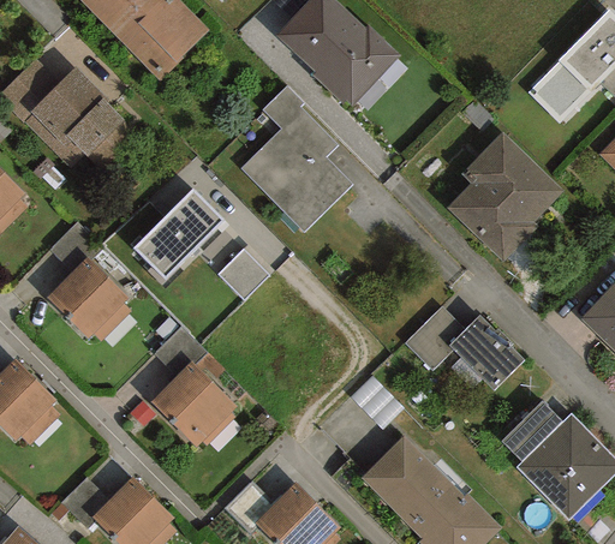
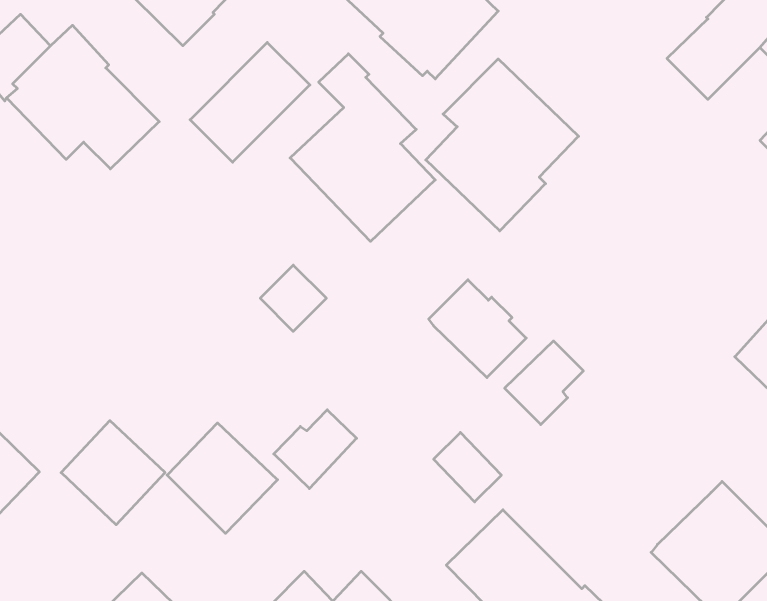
building: [447,130,563,261] -> [426,59,579,231]
building: [133,187,225,279] -> [190,42,310,162]
building: [43,263,123,342] -> [61,421,165,525]
building: [449,313,524,388] -> [429,280,526,378]
building: none -> [274,410,357,489]
building: [501,400,562,460] -> none

